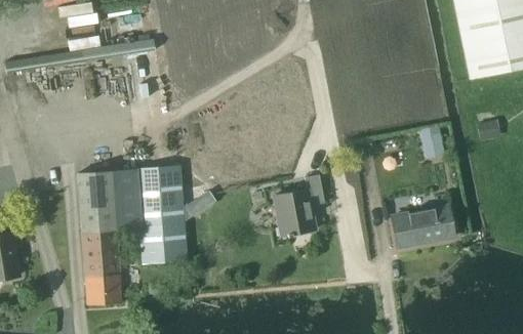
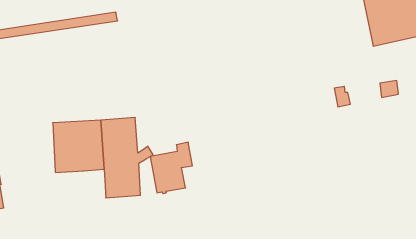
building: [275,173,326,236] -> [150,142,192,194]
building: [394,204,456,247] -> none
building: [82,231,121,304] -> none

